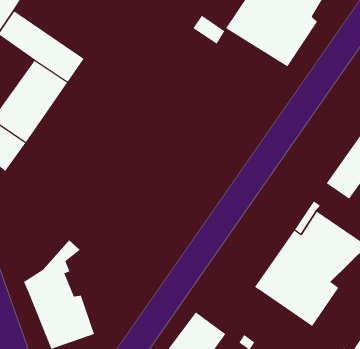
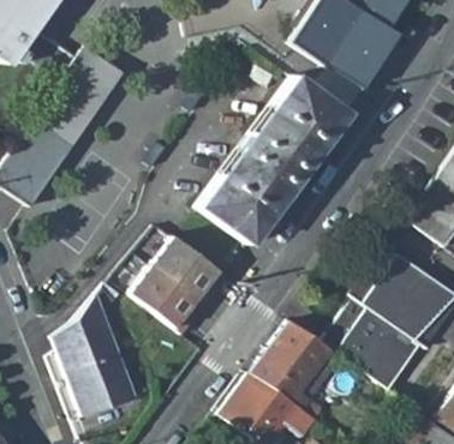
building: none -> [199,76,347,244]
building: none -> [132,232,234,334]
building: none -> [253,320,331,401]

